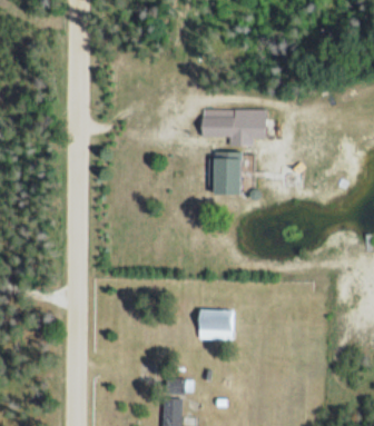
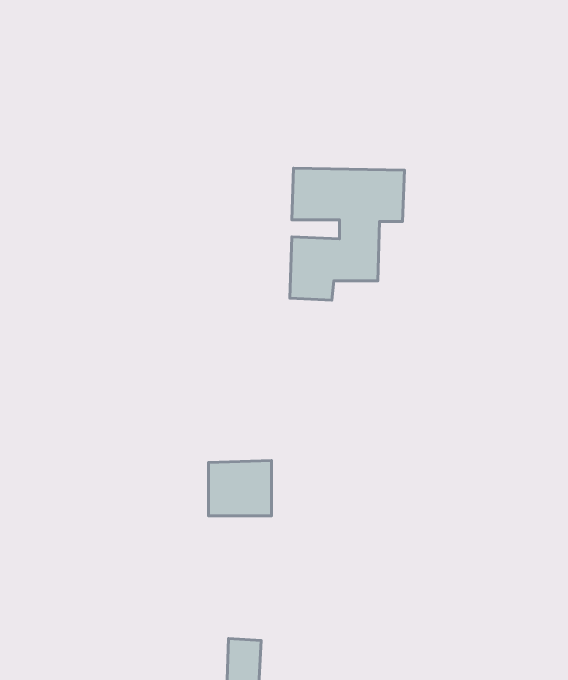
building: [198,309,235,341] -> [208,461,272,516]

